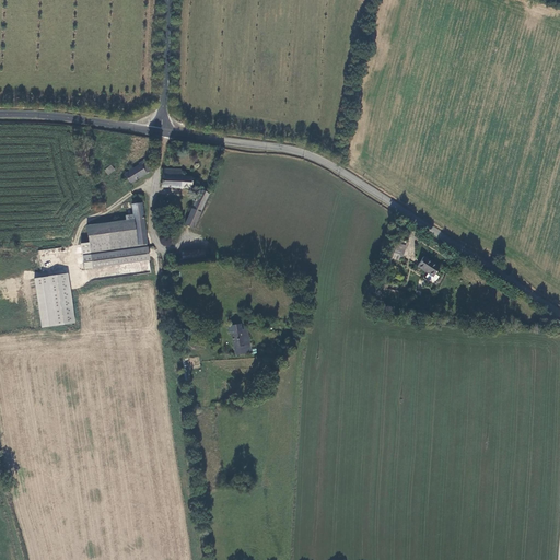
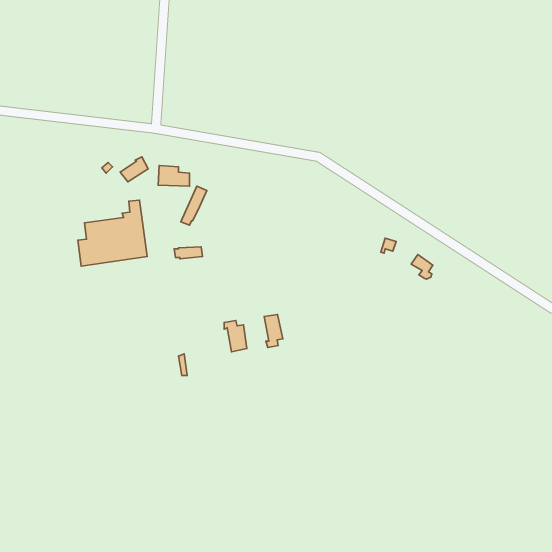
building: [33,272,73,328] -> none
building: none -> [264,315,283,347]

